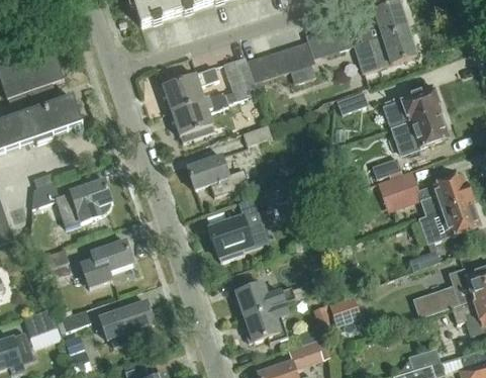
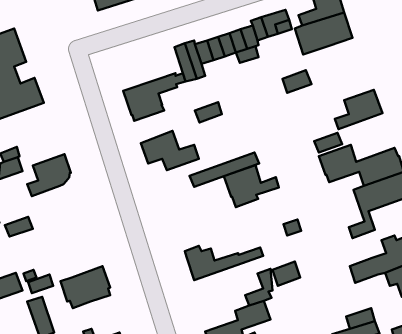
building: [160,67,219,111] -> none
building: [385,84,442,127] -> none
building: [207,216,267,262] -> [224,165,279,207]
building: [80,241,133,287] -> none
building: [241,302,289,343] -> none

